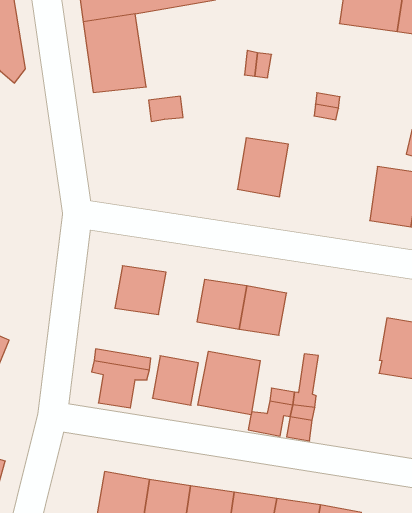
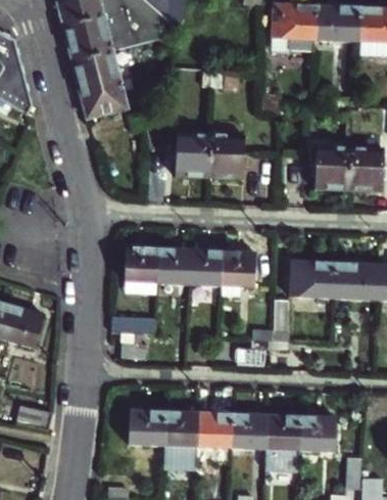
building: none -> [175,135,209,177]
building: none -> [288,262,336,298]
building: [198,351,260,415] -> none
building: [152,356,198,405] -> [157,248,190,284]

